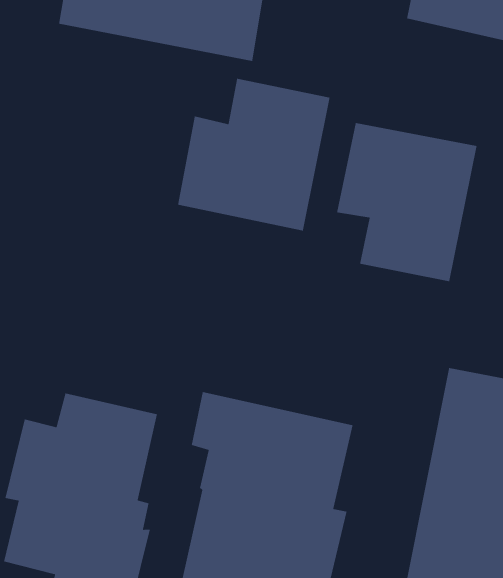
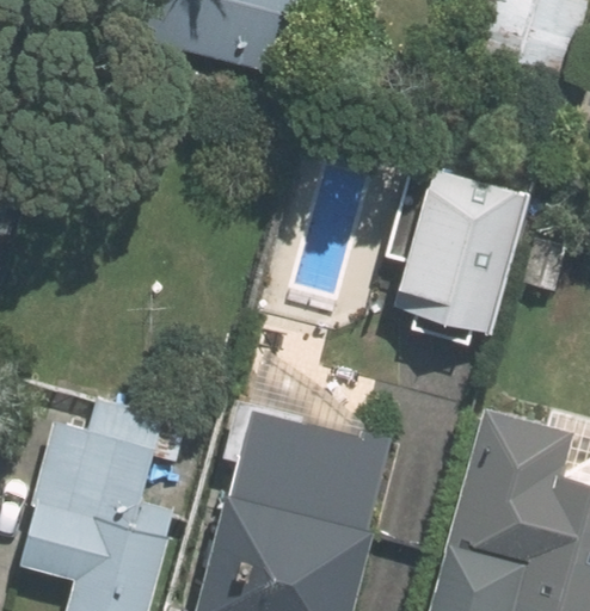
building: [177,78,331,232] -> none

